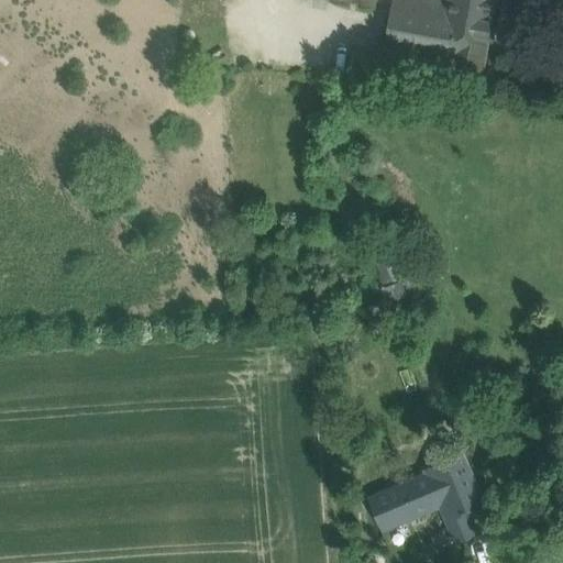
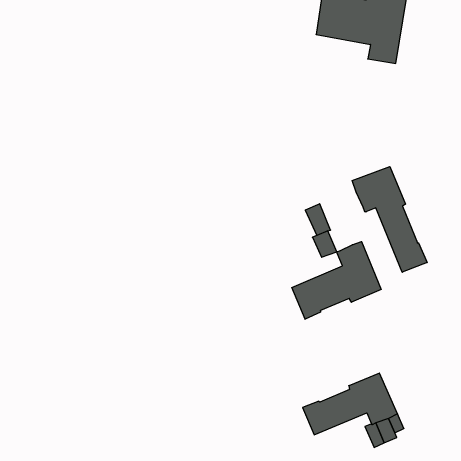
building: none -> [352,167,427,272]
building: none -> [292,242,381,319]

